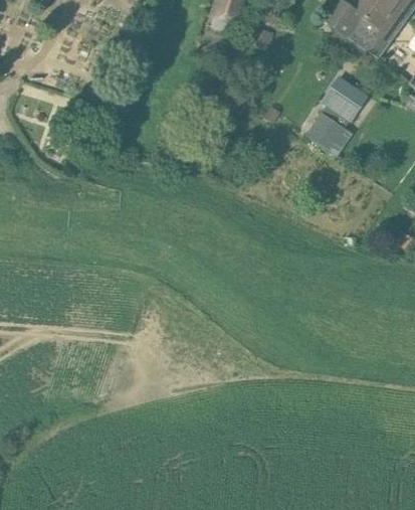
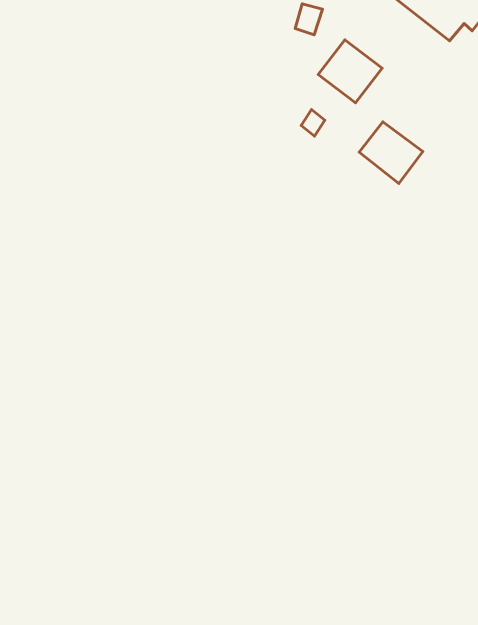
building: [322,76,368,122] -> [318,40,382,103]

